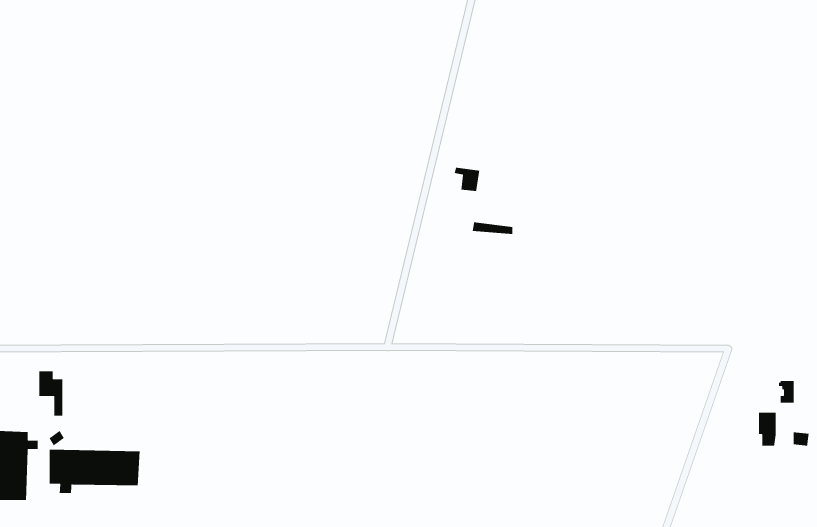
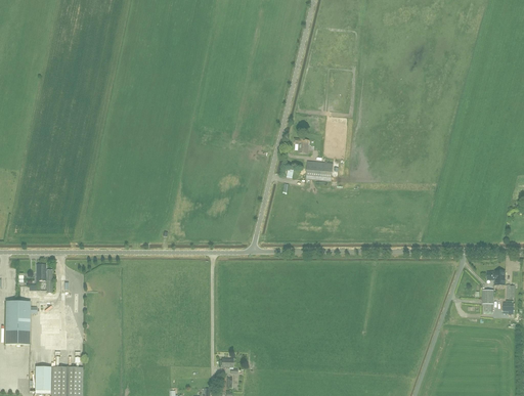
building: [49,449,140,494] -> none

